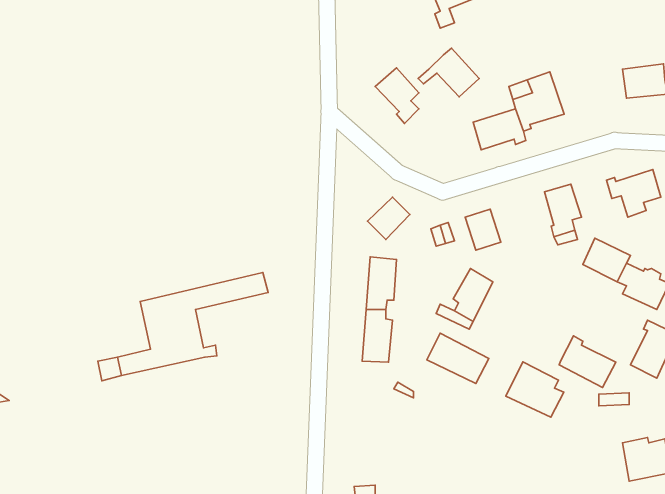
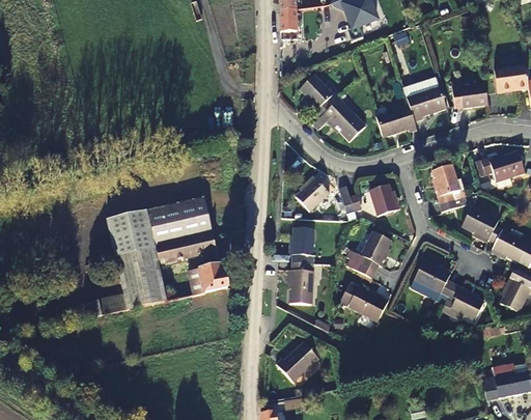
building: [418,48,479,97] -> [314,100,362,138]
building: none -> [450,82,487,108]
building: none -> [108,196,212,256]
building: none -> [189,263,228,295]
building: [506,362,564,417] -> [410,259,455,303]
building: none -> [278,345,319,385]

